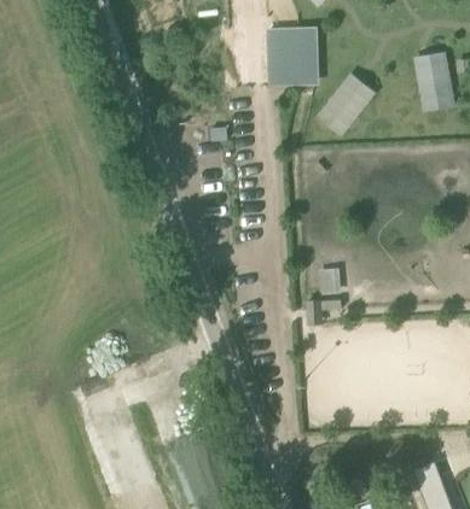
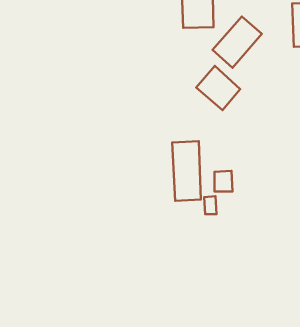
building: none -> [196,66,240,110]
building: none -> [172,141,201,201]

